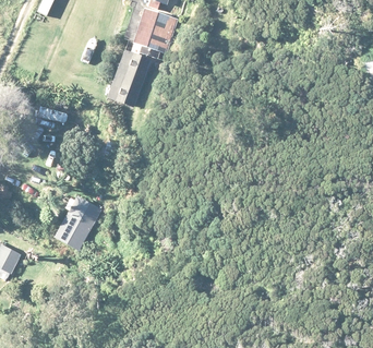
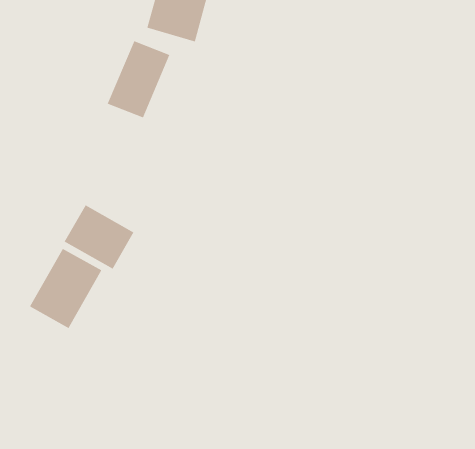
building: none -> [64,205,134,269]

